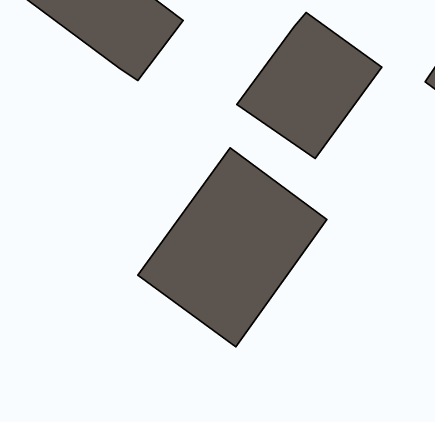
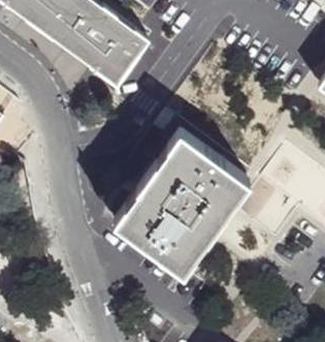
building: [237,13,382,159] -> none

